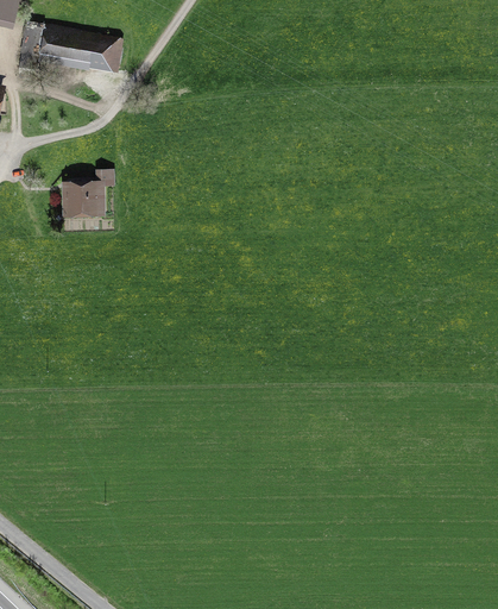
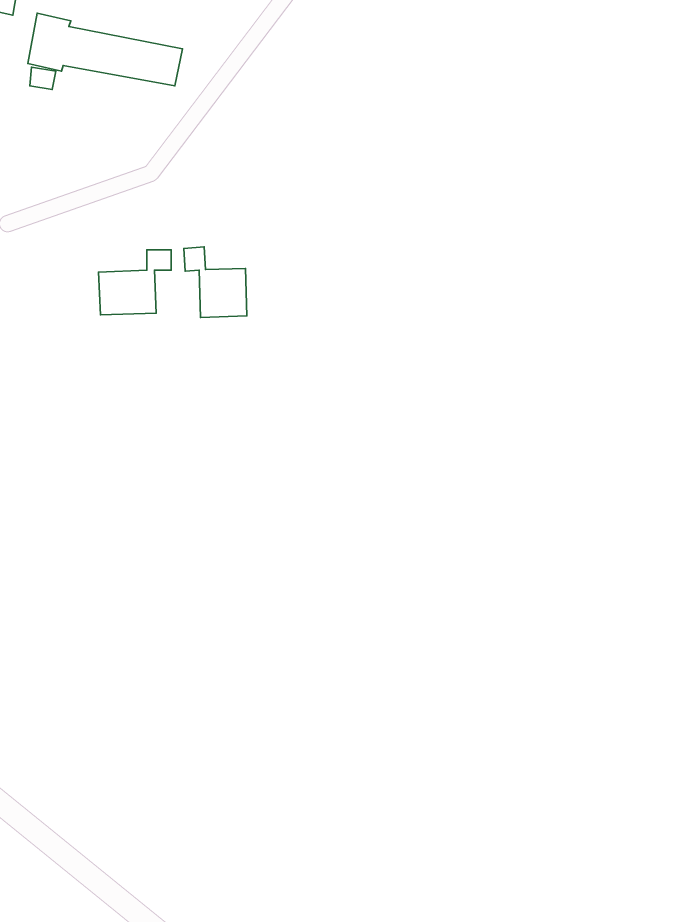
building: none -> [184,247,247,317]

